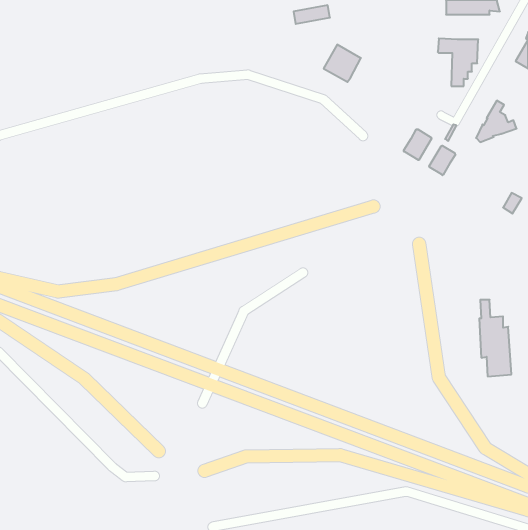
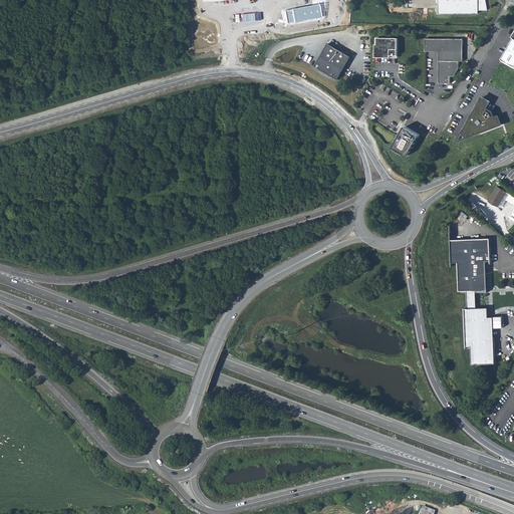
building: none -> [373,37,397,56]
building: [429,146,455,175] -> none
building: none -> [448,238,489,291]

